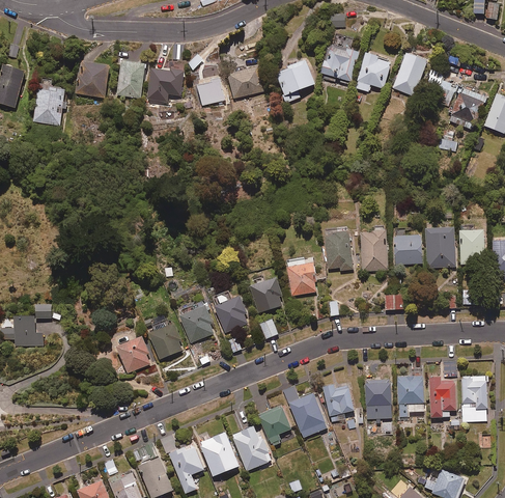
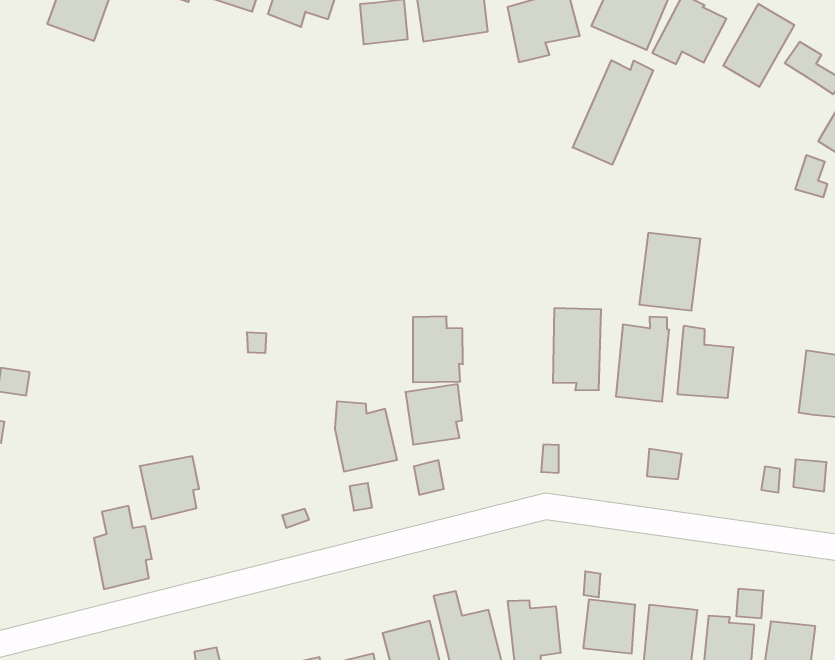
building: none -> [573,60,653,165]
building: [425,228,454,268] -> [639,233,701,311]
building: [285,258,315,296] -> [413,316,463,382]
building: [180,300,218,342] -> none
building: [150,313,183,359] -> [94,506,152,589]

